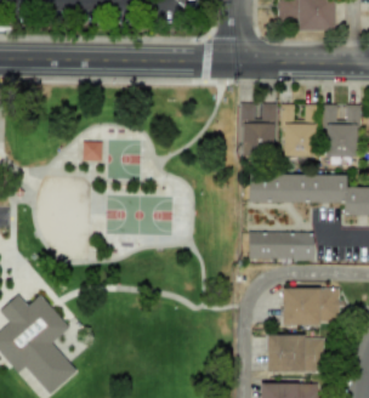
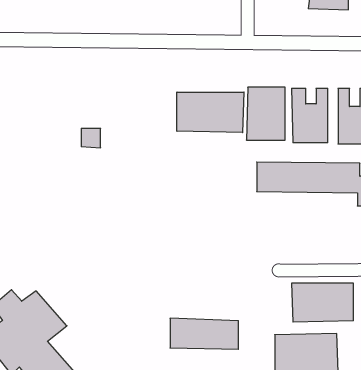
building: none -> [177,92,244,133]
building: [250,231,314,260] -> [170,318,238,349]

